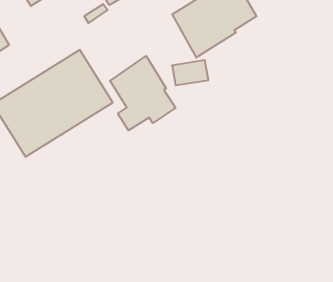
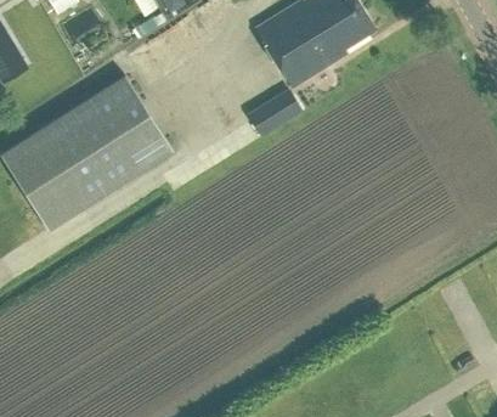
building: [110,56,175,130] -> none

